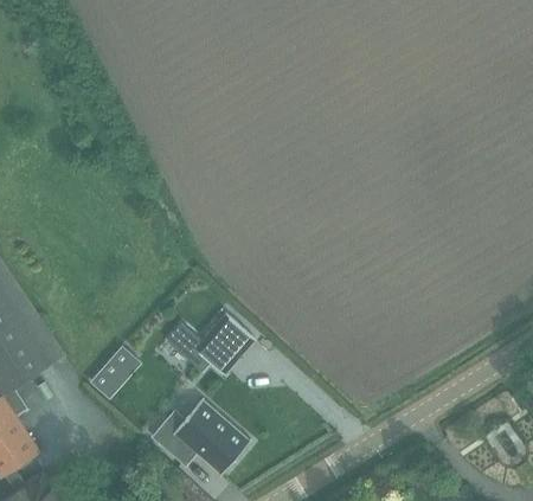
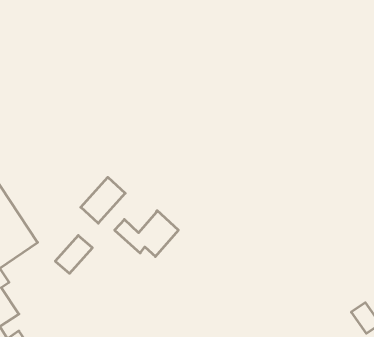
building: none -> [81,177,125,223]
building: [152,398,250,476] -> none

